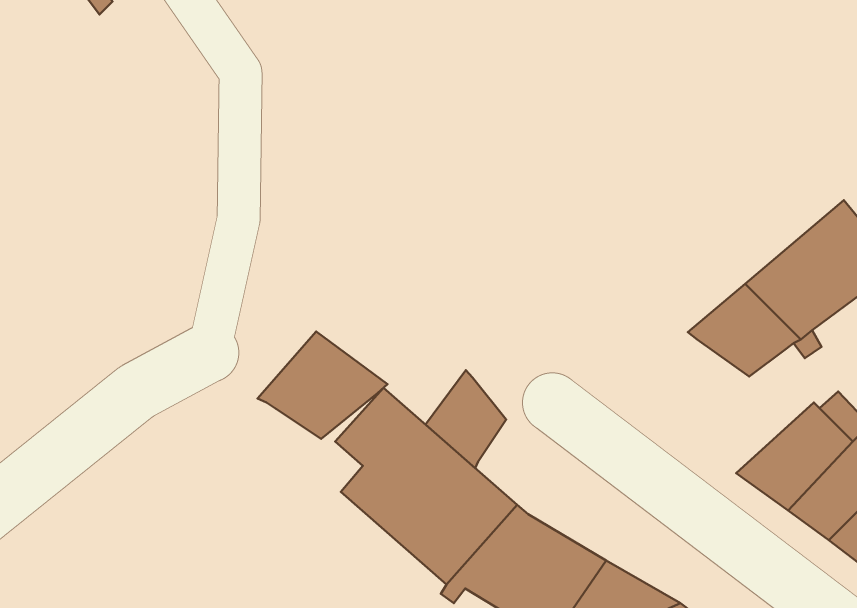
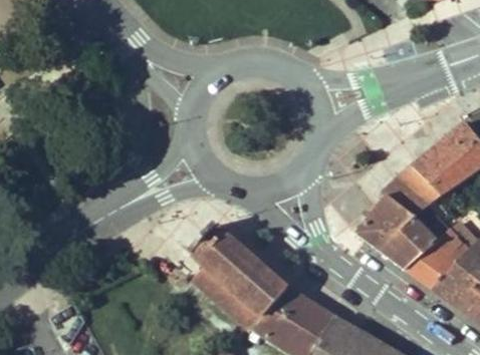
building: [257,332,387,439] -> none
building: none -> [356,198,449,270]
building: [425,370,506,468] -> none

